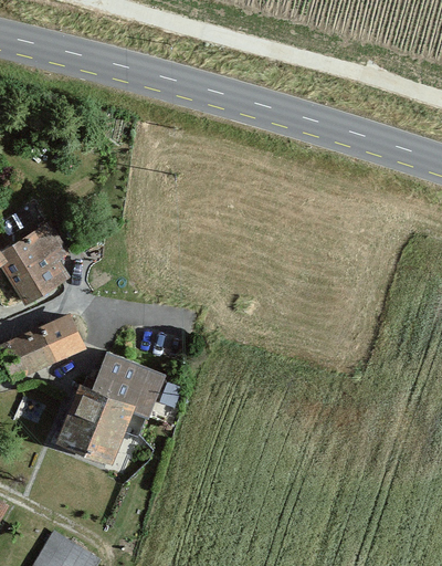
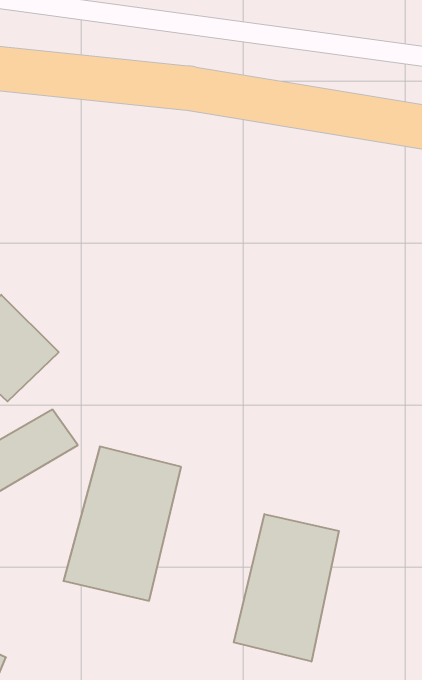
building: none -> [234,514,339,662]

